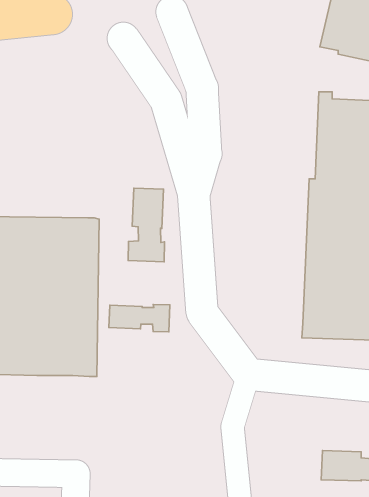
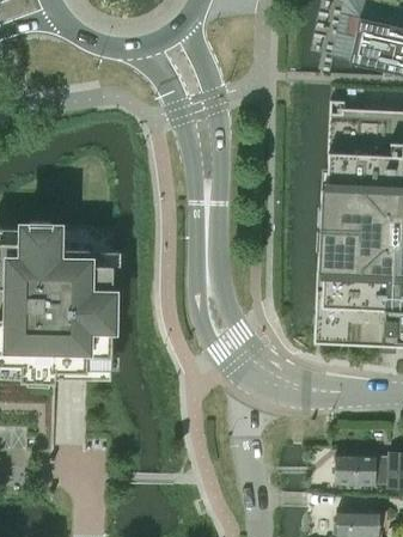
building: [128,188,165,262] -> none
building: [109,305,170,332] -> none

